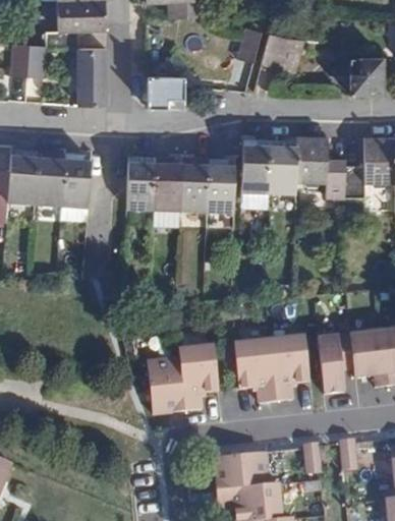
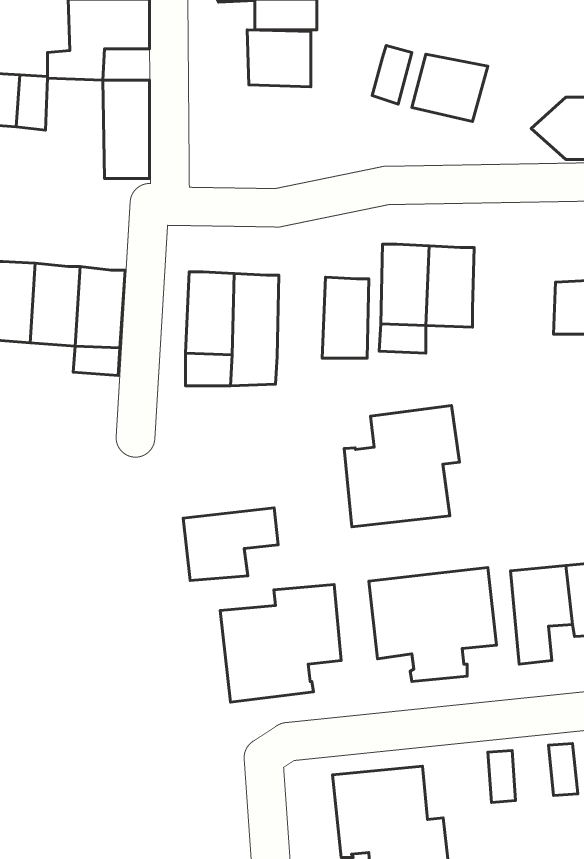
building: [146,74,183,108] -> [247,30,311,87]
building: [295,137,345,197] -> none
building: [180,163,209,212] -> none
building: none -> [344,406,460,527]
building: none -> [183,508,278,581]

